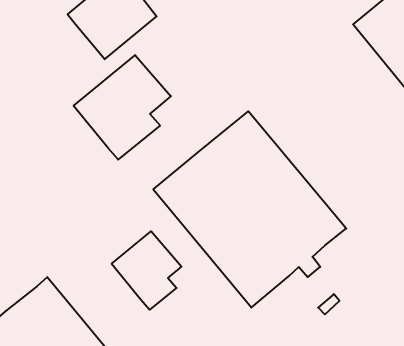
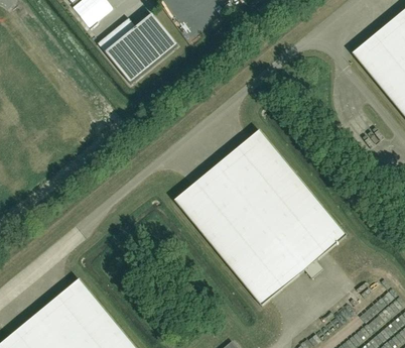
building: [74,55,171,160] -> none
building: [112,231,181,310] -> none

